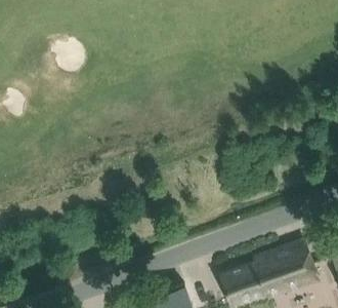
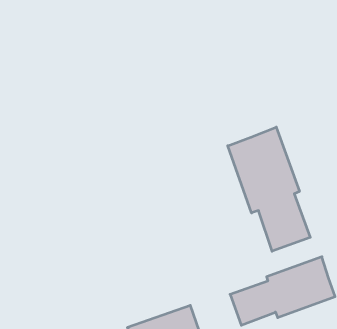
building: none -> [228,127,310,251]

